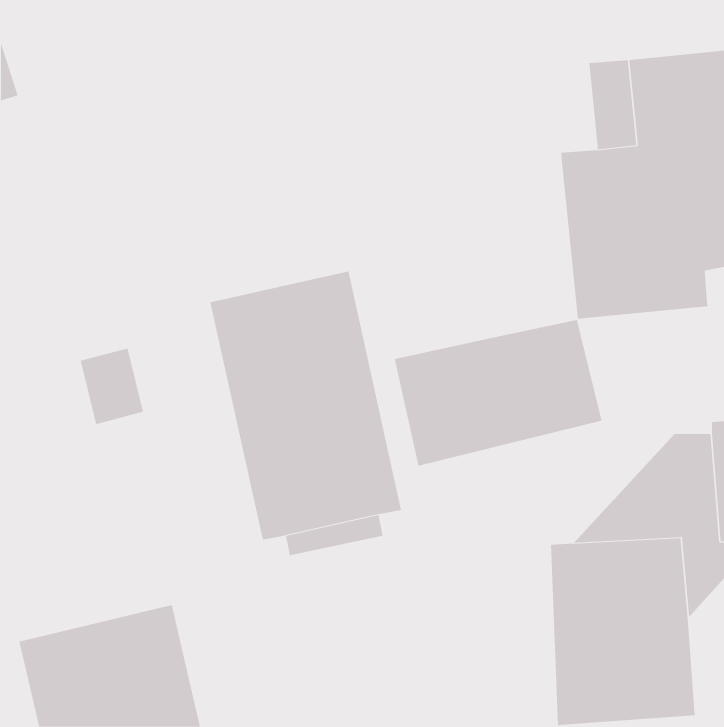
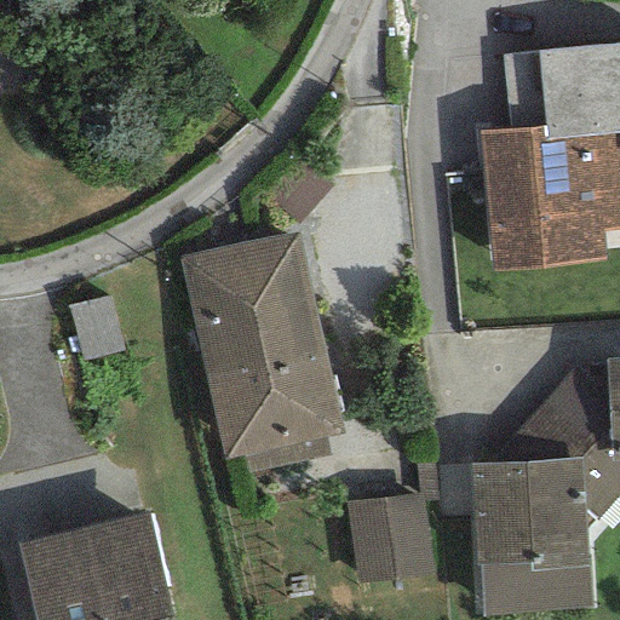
building: [394,319,602,466] -> none
building: none -> [350,492,436,581]

